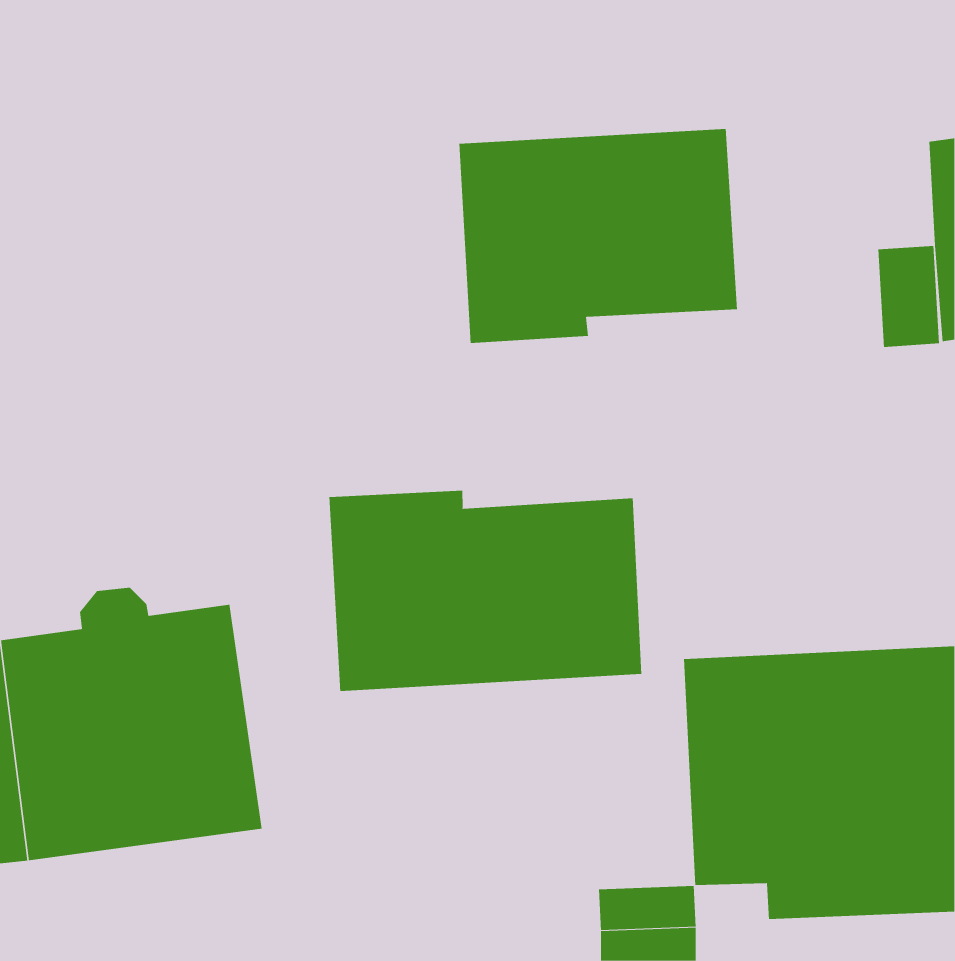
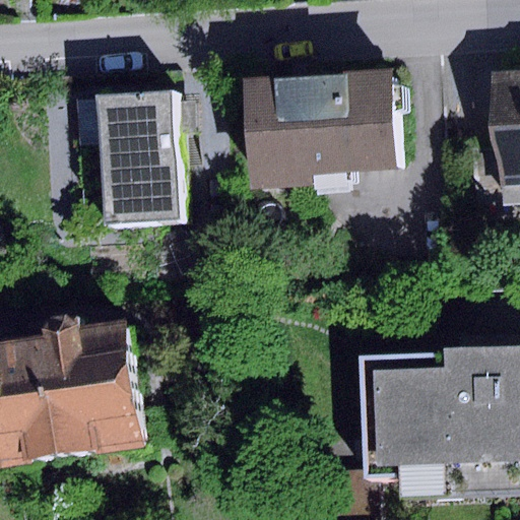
building: none -> [101,89,182,220]
building: [329,490,642,692] -> none

